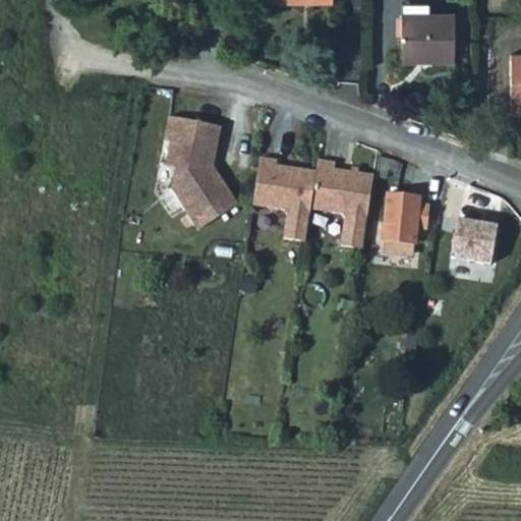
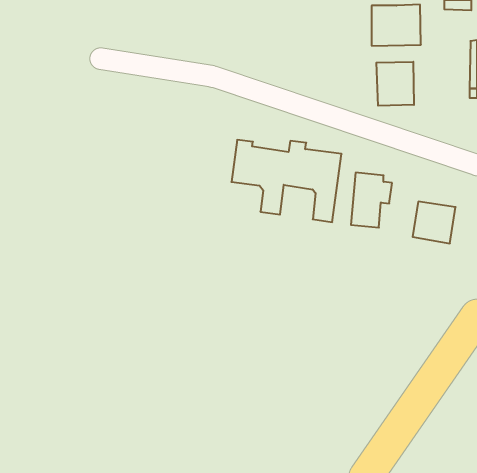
building: none -> [376,62,414,106]
building: [165,118,239,233] -> none

